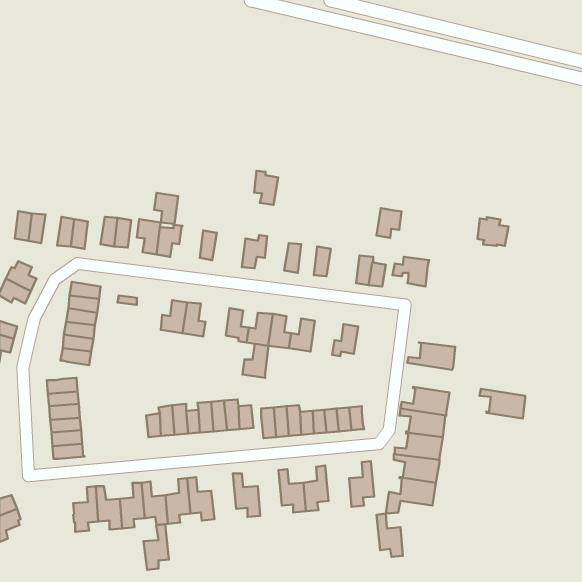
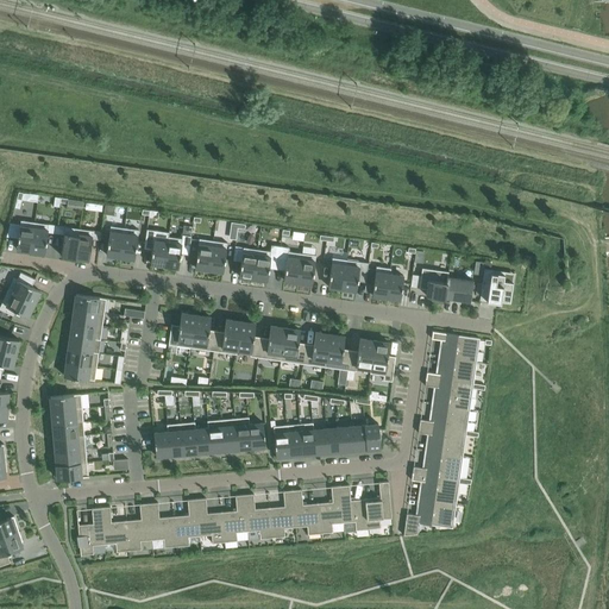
building: [254,171,278,205] -> [276,247,301,283]
building: [154,193,178,224] -> [187,238,212,270]
building: [376,208,401,238] -> [340,260,366,291]
building: [478,217,508,246] -> [479,274,511,303]
building: none -> [232,247,256,280]
building: none -> [444,277,471,302]
building: none -> [431,332,478,363]
building: none -> [324,335,349,371]
building: none -> [369,341,394,382]
building: [242,344,269,378] -> [212,320,239,356]
building: [480,389,525,419] -> [423,379,471,410]
building: none -> [269,491,294,539]
building: [377,514,403,557] -> [339,485,366,530]
building: [144,524,169,570] -> [220,495,246,542]

